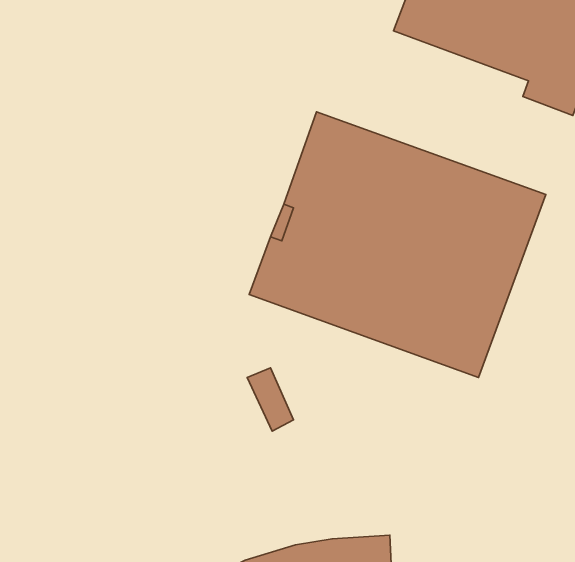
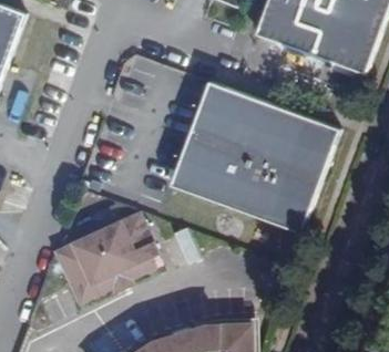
building: none -> [53,215,155,303]

